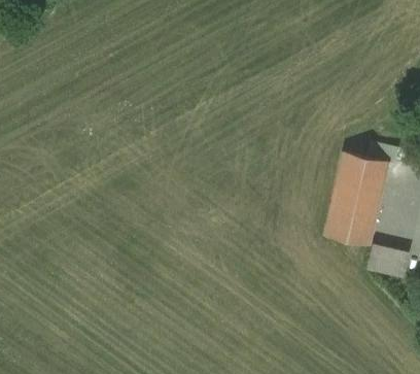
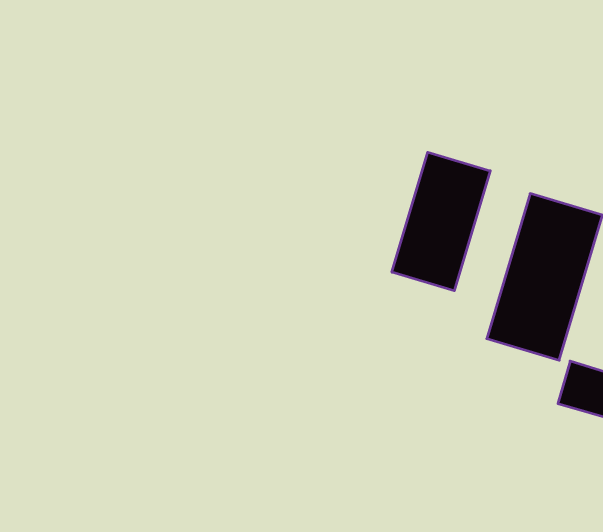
building: none -> [392,152,490,291]

